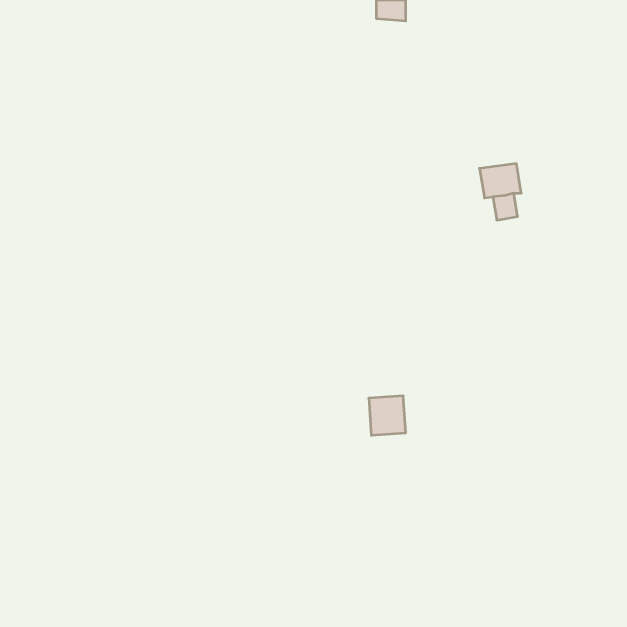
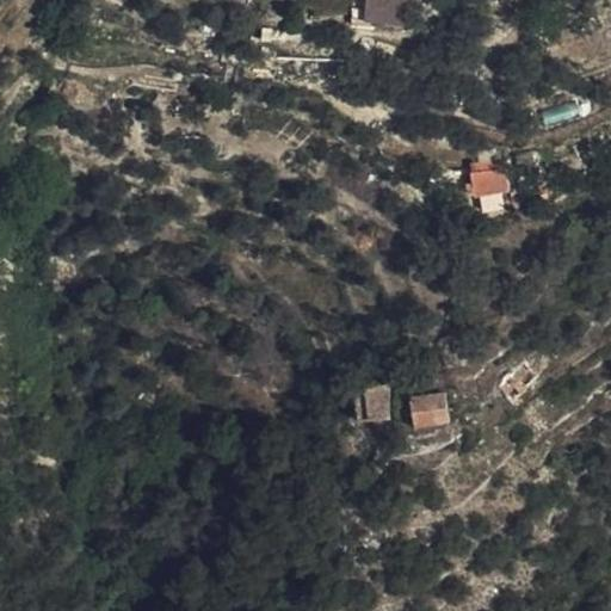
building: none -> [411,391,450,427]

